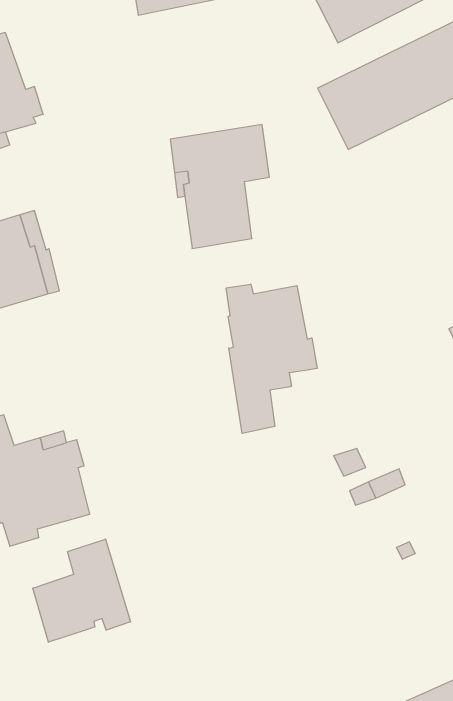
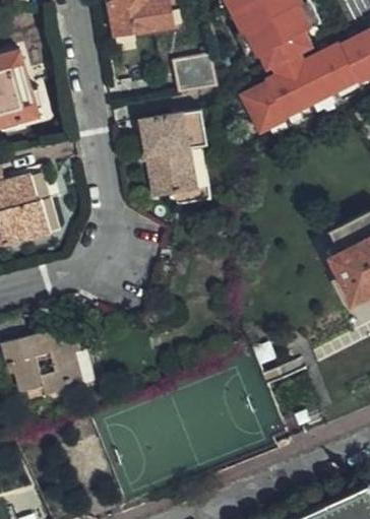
building: none -> [175,53,219,94]
building: [226,284,317,433] -> none
building: [33,539,130,642] -> none

